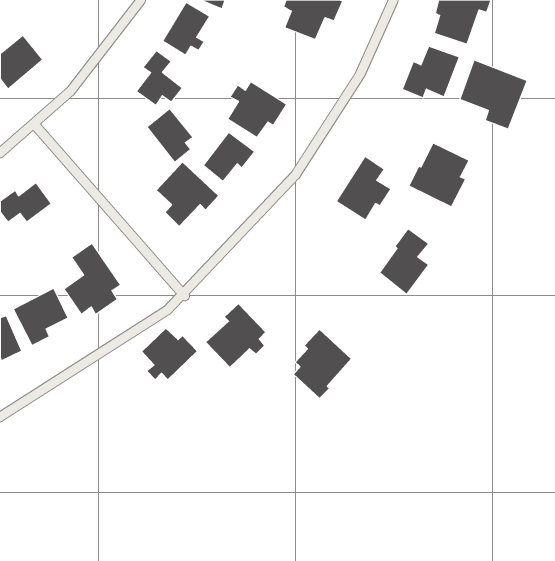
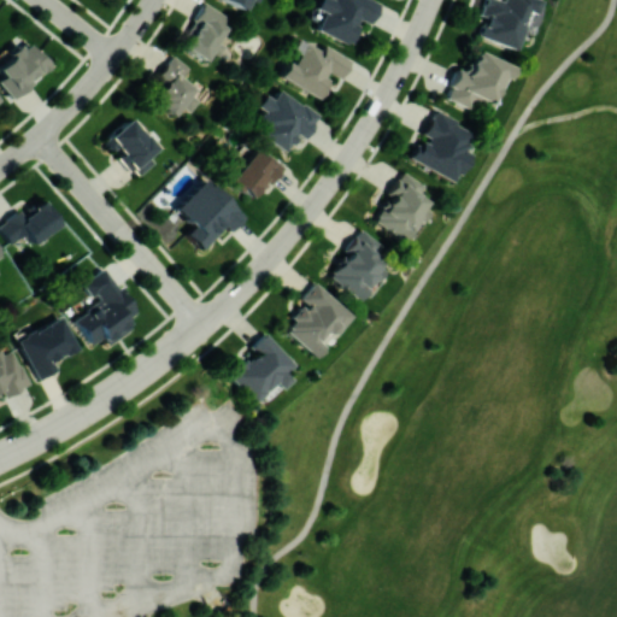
building: none -> [282,42,354,98]
building: [460,60,527,129] -> none
building: [147,109,193,162] -> [110,118,160,177]
building: [409,143,469,207] -> [411,112,477,182]
building: [379,228,429,294] -> [333,229,387,301]
building: [141,328,198,380] -> none
building: [293,329,351,398] -> [290,282,354,358]

